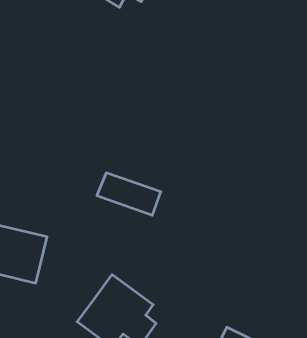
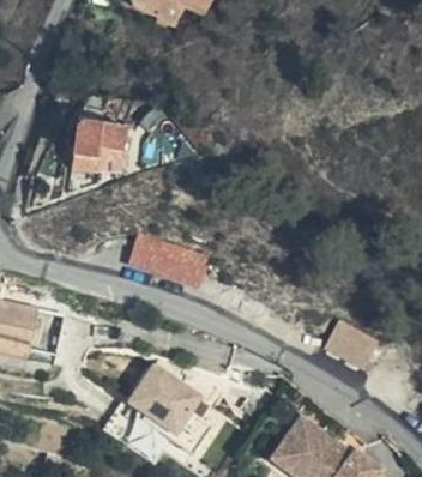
building: none -> [70,133,127,177]
building: none -> [319,319,373,367]

